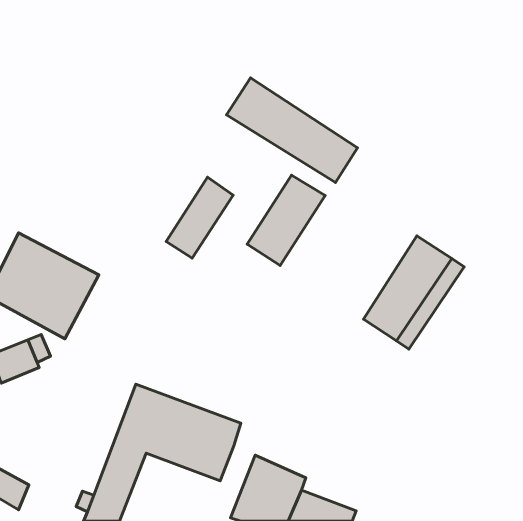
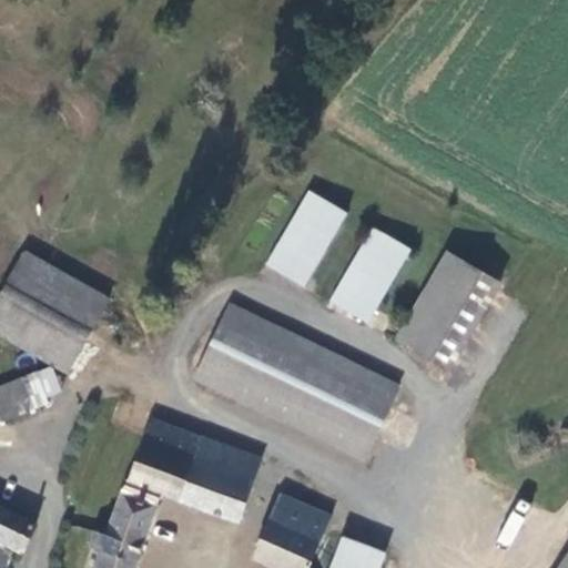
building: [227,78,358,183] -> none
building: [166,177,233,258] -> none
building: none -> [332,229,419,326]
building: none -> [195,307,396,458]

